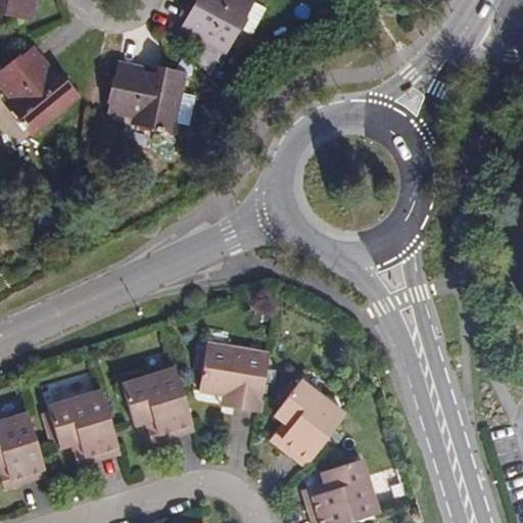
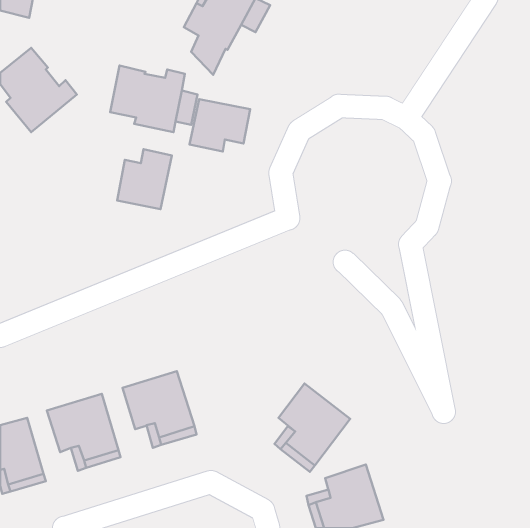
building: none -> [189,99,250,152]
building: none -> [117,149,172,209]
building: [199,342,269,410] -> none

